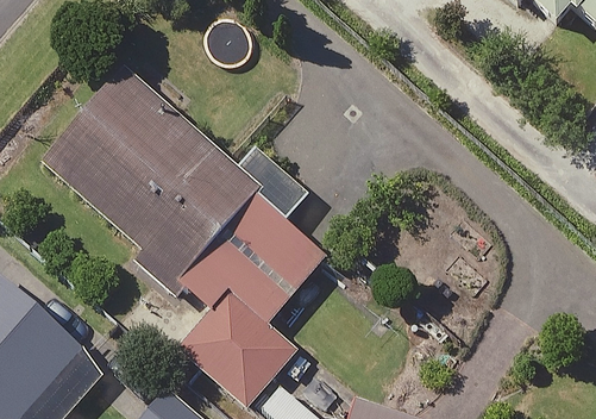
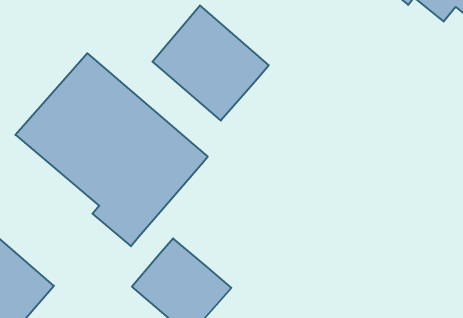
building: none -> [152,5,269,121]
building: [189,200,331,325] -> none

